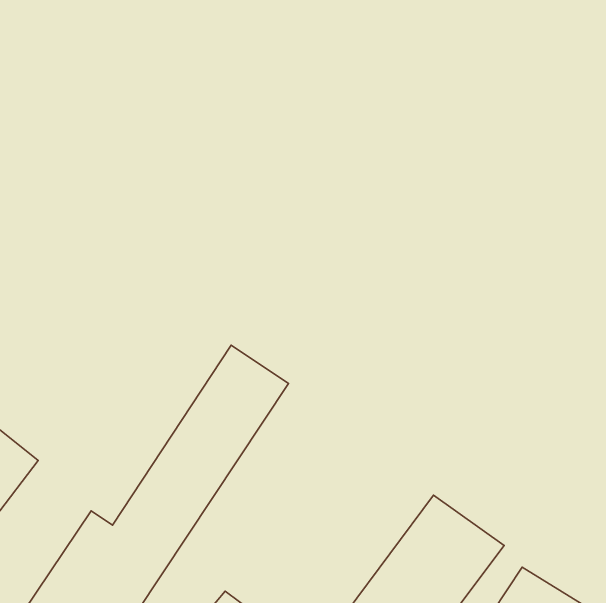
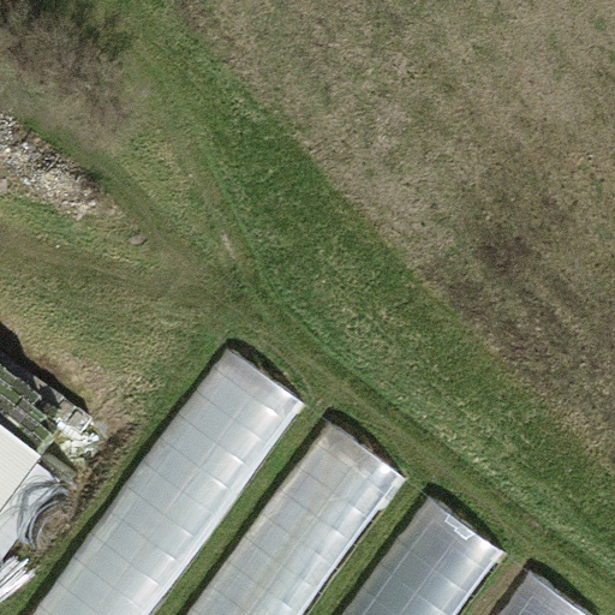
building: none -> [240,431,405,608]

